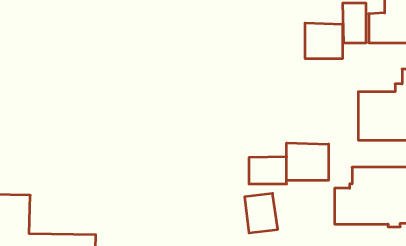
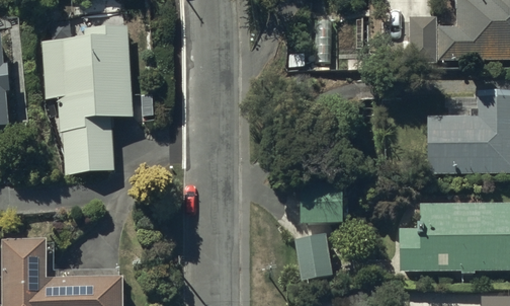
building: none -> [42,24,133,168]
building: [305,23,342,59] -> none
building: [287,143,329,180] -> none

